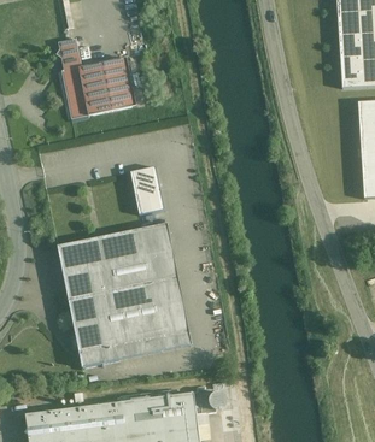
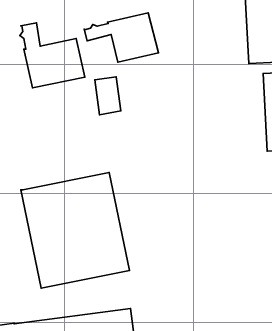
building: none -> [84,13,159,62]
building: [131,166,164,213] -> [95,77,121,115]

